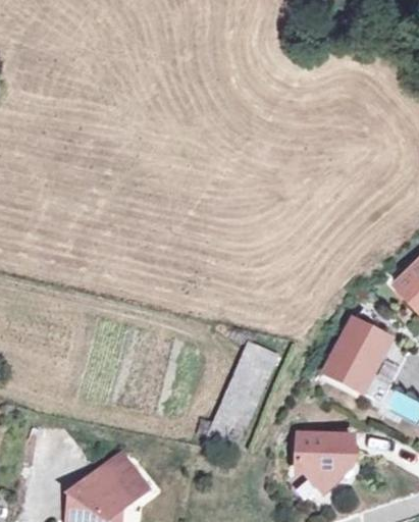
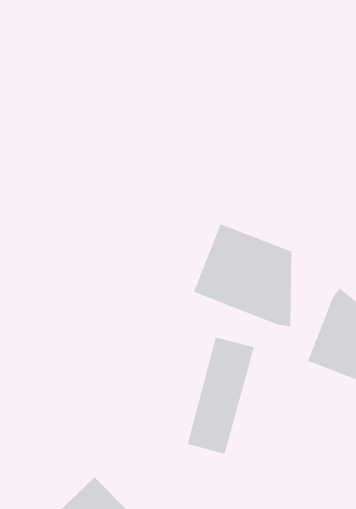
building: none -> [193,223,292,327]
building: [296,433,352,485] -> none

